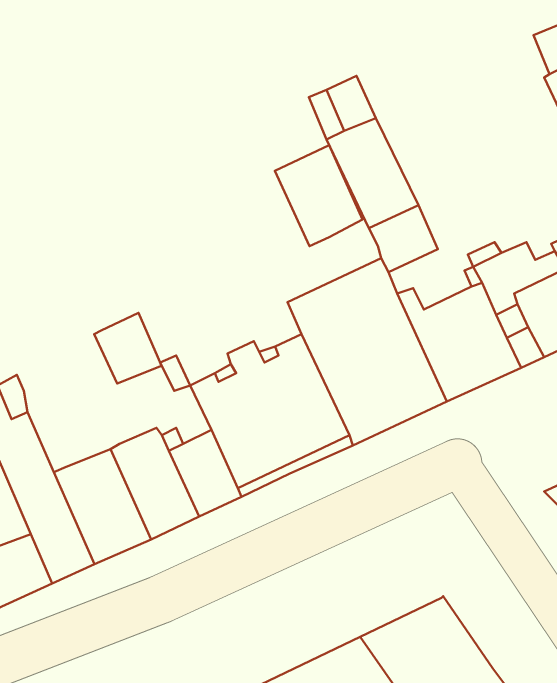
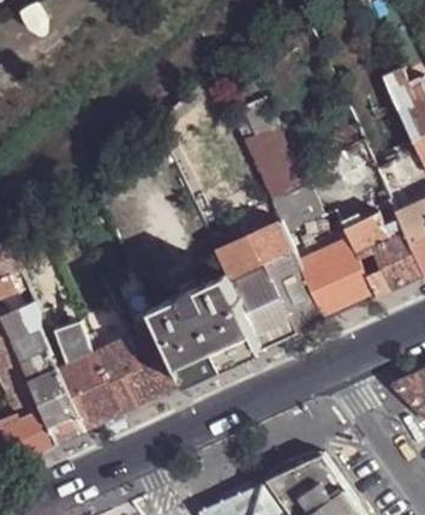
building: [275,145,362,246] -> none
building: [94,313,161,384] -> [52,317,97,365]

